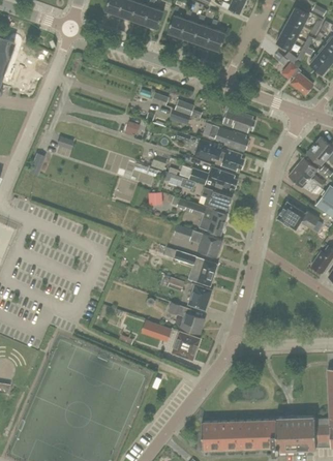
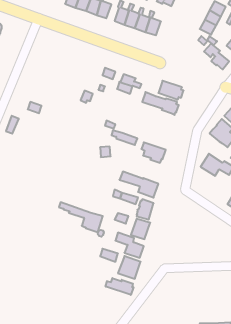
building: [194,142,244,171] -> none
building: [188,167,237,191] -> none
building: [171,196,226,235] -> [59,202,103,232]
building: none -> [106,278,133,295]

